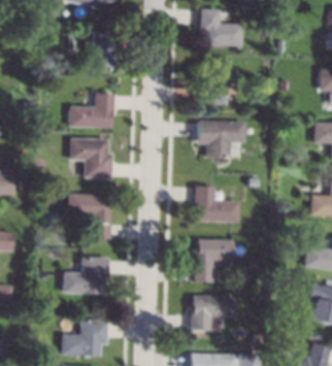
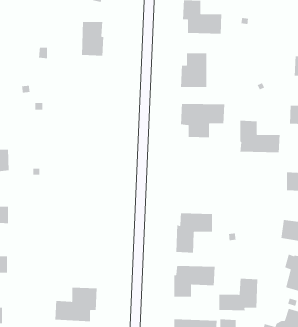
building: [69,94,114,129] -> none
building: [70,138,112,178] -> none
building: [194,186,238,222] -> [239,120,280,153]
building: [66,194,110,240] -> none
building: [63,257,109,295] -> none
building: none -> [219,278,258,311]

